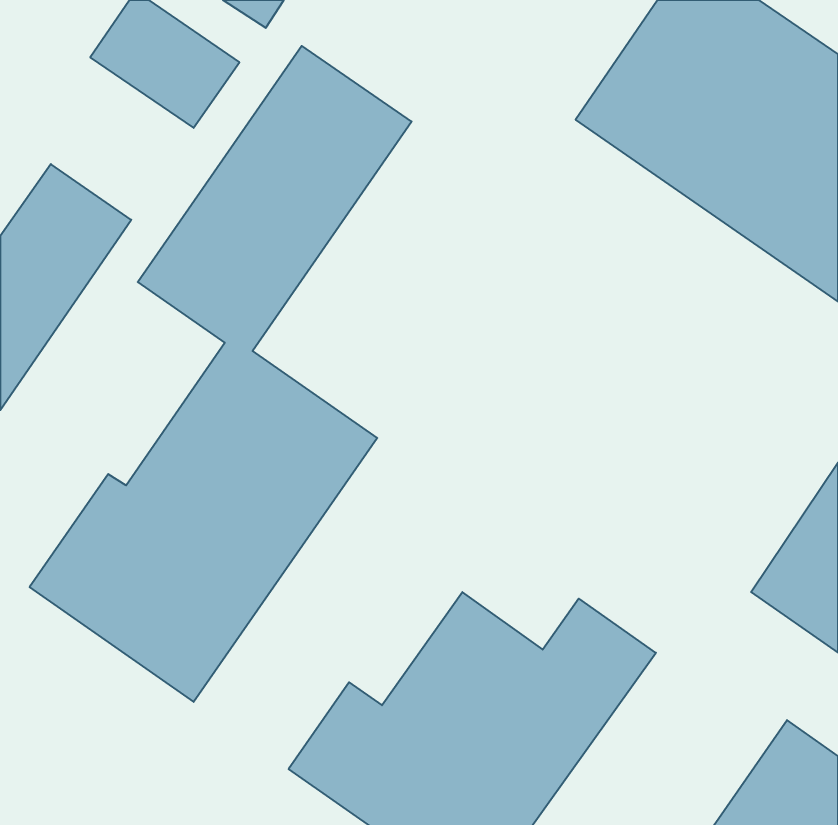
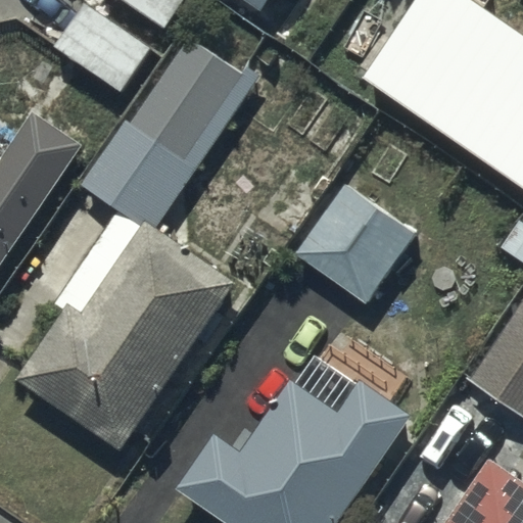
building: none -> [296,182,414,301]

